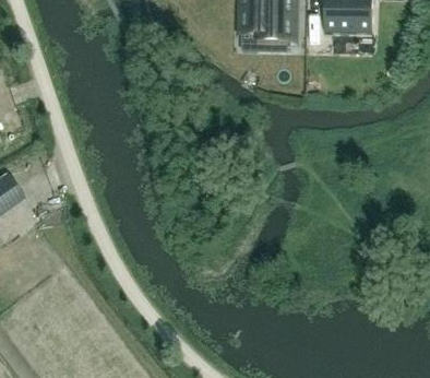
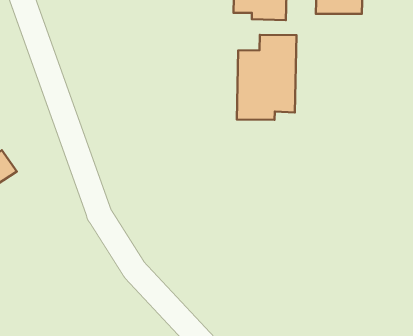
building: none -> [237,35,297,120]

